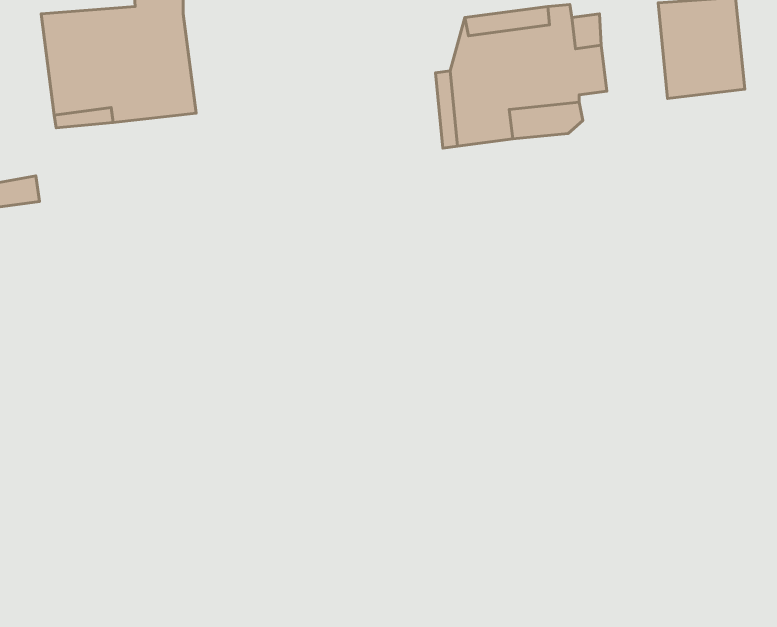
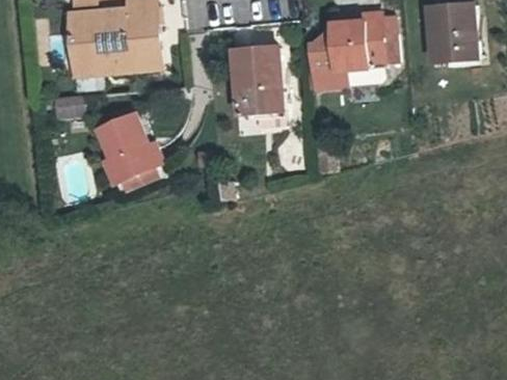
building: none -> [235,50,286,115]
building: none -> [100,112,167,188]

